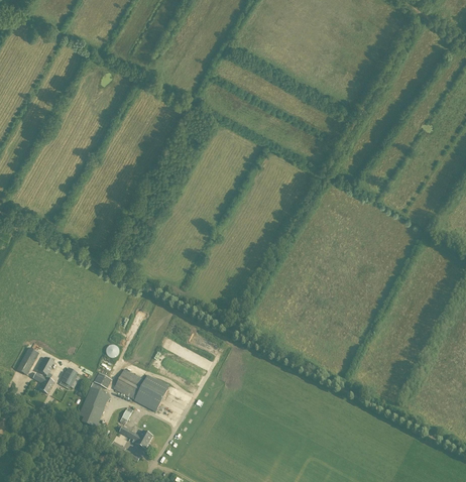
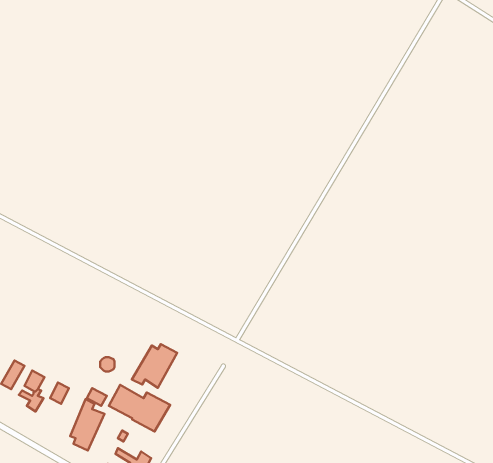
building: none -> [132,344,177,388]

